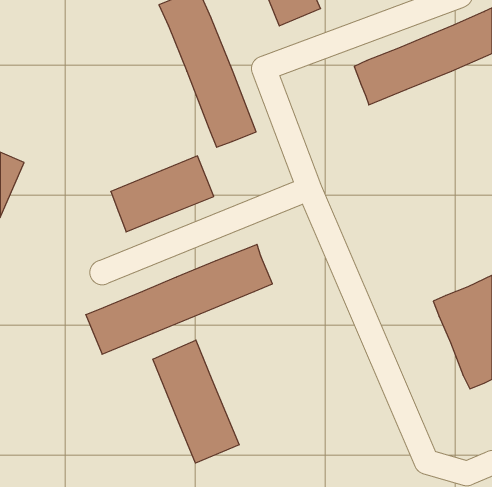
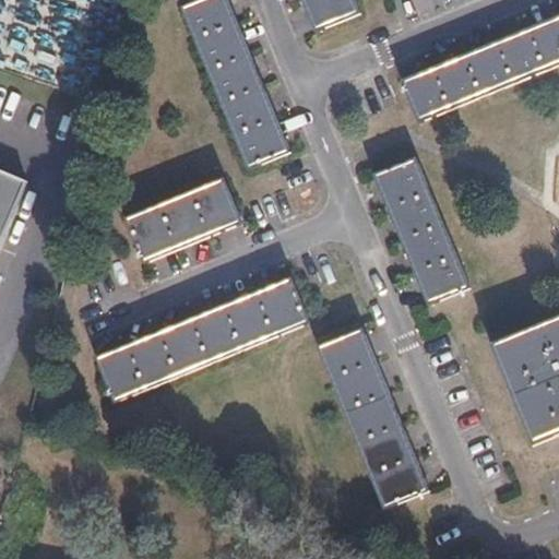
building: none -> [374,155,471,302]
building: none -> [316,328,429,509]
building: [153,340,239,463] -> none

